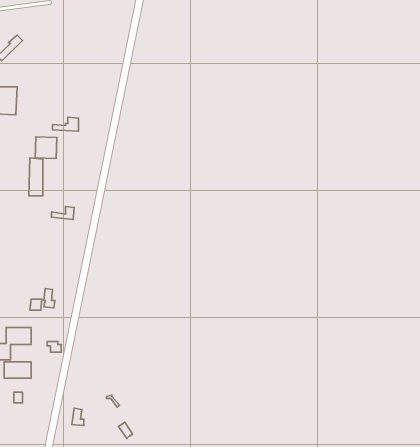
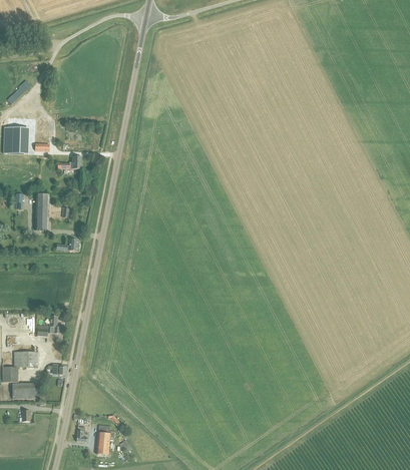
building: [35,137,57,159] -> none
building: none -> [95,424,114,454]

